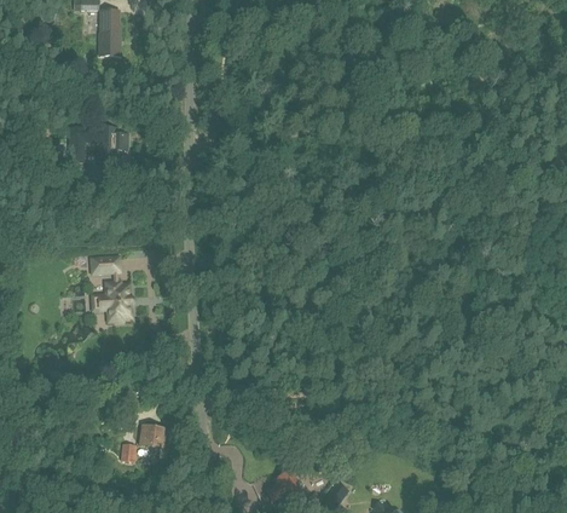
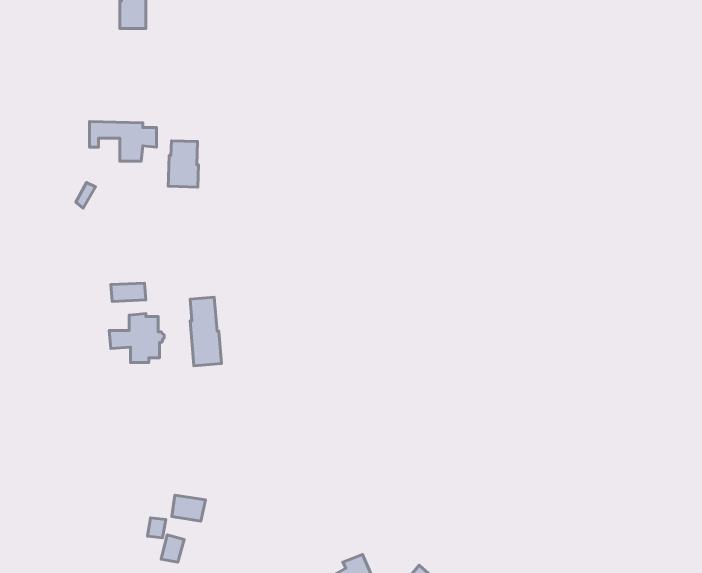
building: none -> [168,141,198,187]
building: none -> [190,297,221,366]

